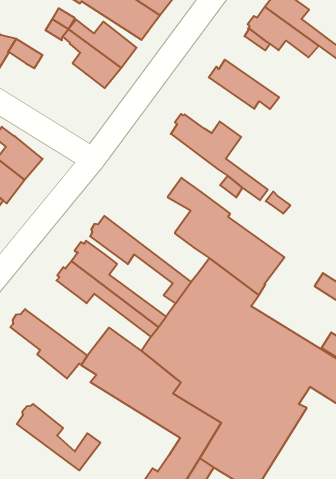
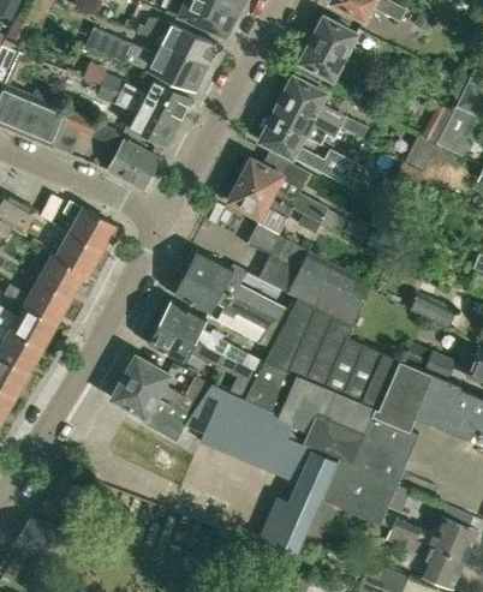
building: none -> [281,77,368,139]
building: none -> [106,131,160,190]
building: none -> [260,119,357,189]
building: none -> [226,181,292,234]
building: none -> [186,252,288,325]
building: [17,404,100,470] -> [123,357,209,415]

